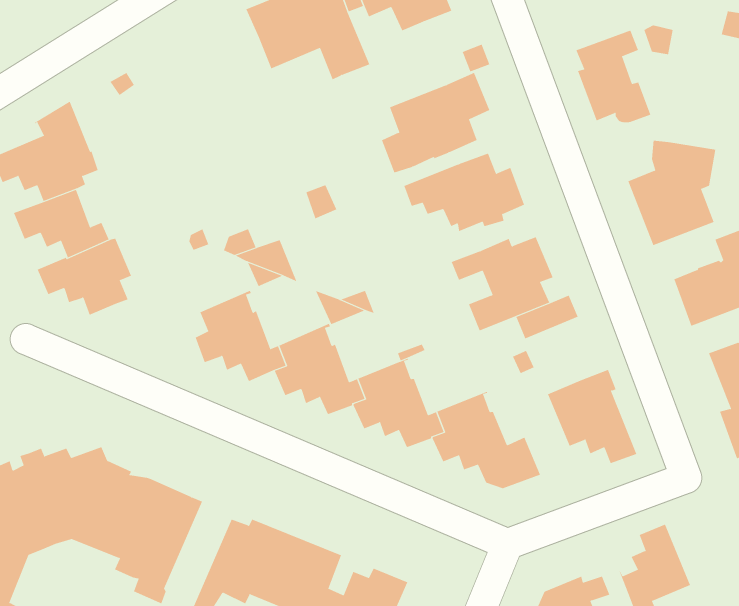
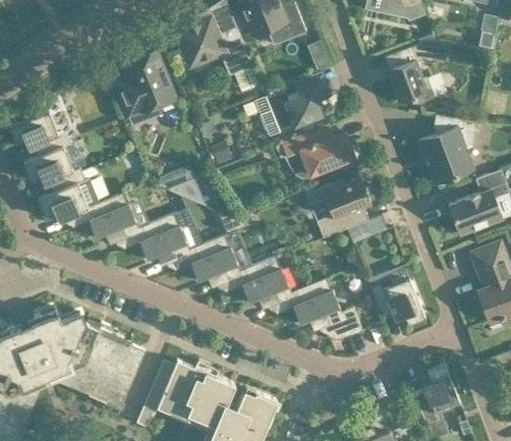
building: none -> [114,51,176,127]
building: none -> [90,192,149,251]

